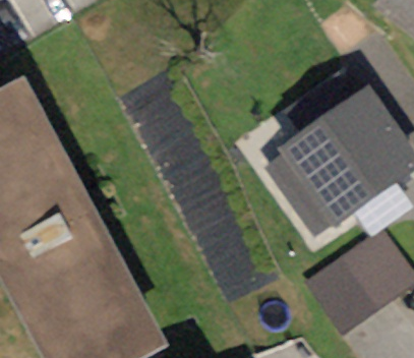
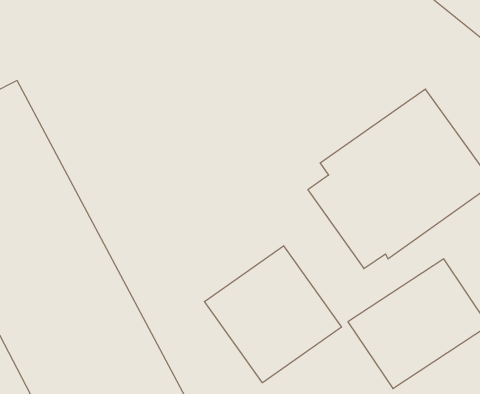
building: none -> [204,246,342,383]

